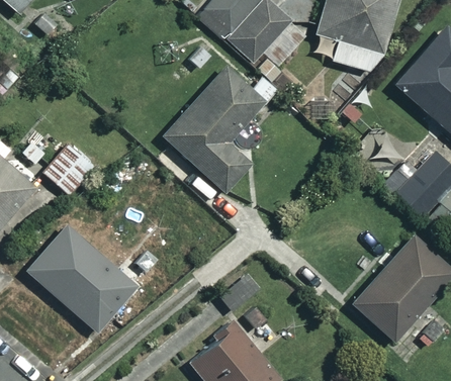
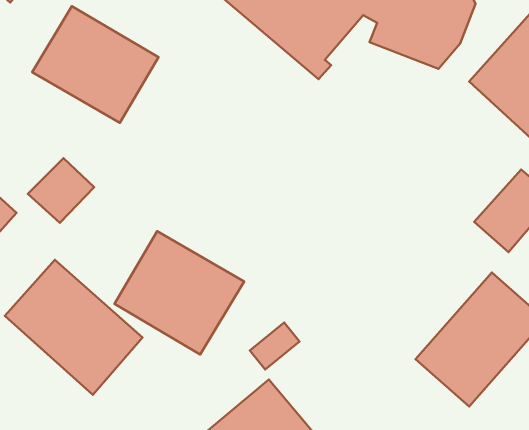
building: none -> [32,6,159,123]
building: [161,45,275,192] -> none
building: none -> [114,231,244,355]

